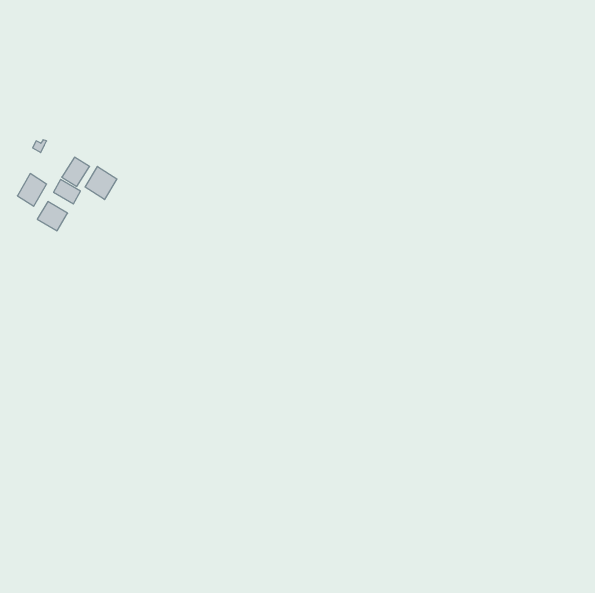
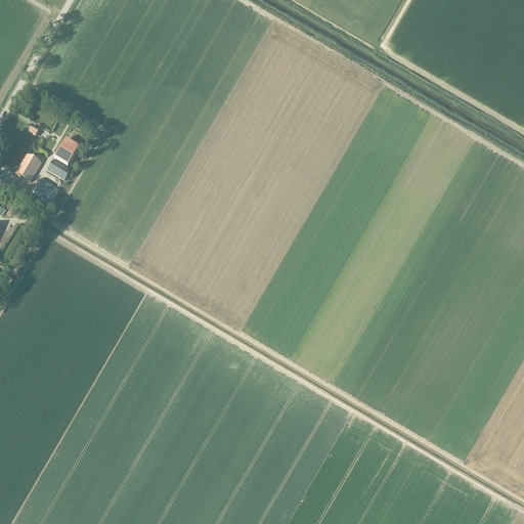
building: [85,166,117,200] -> none

